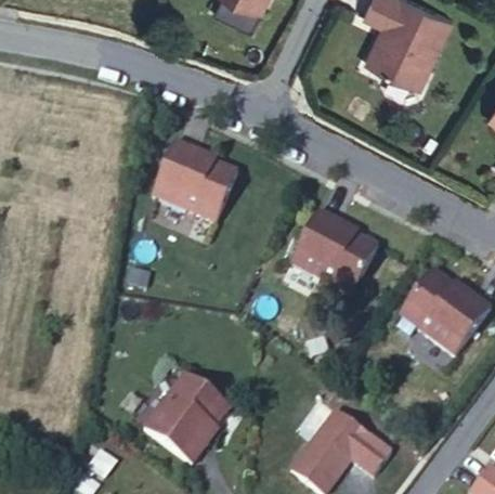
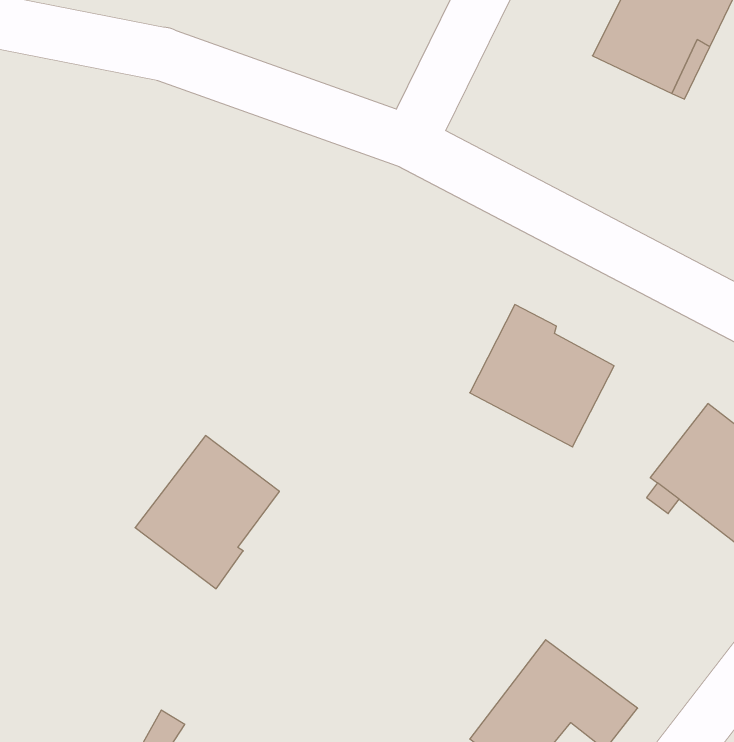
building: [153,139,238,221] -> none
building: [143,372,230,464] -> [135,436,279,589]

